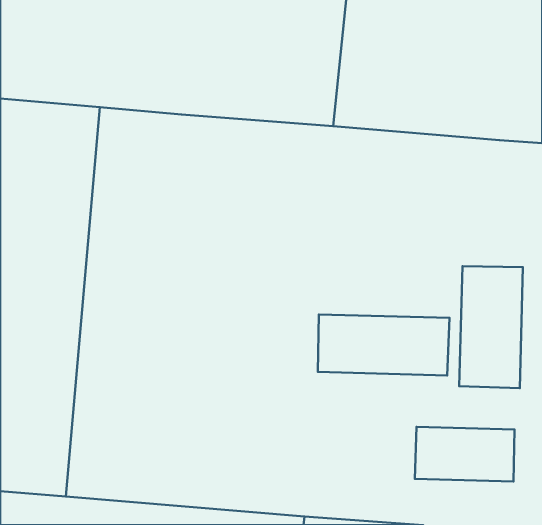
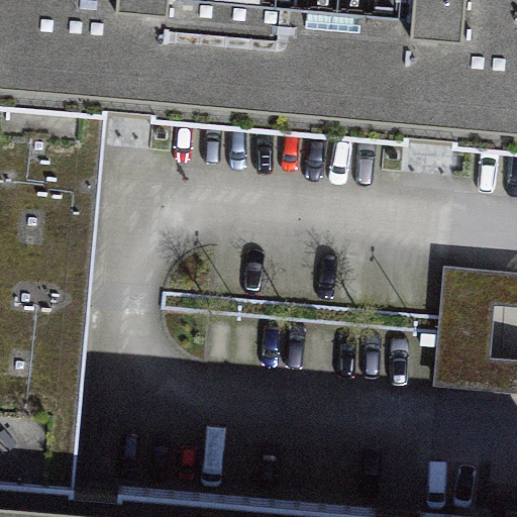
building: [318,315,449,375] -> none
building: [415,427,514,481] -> none

